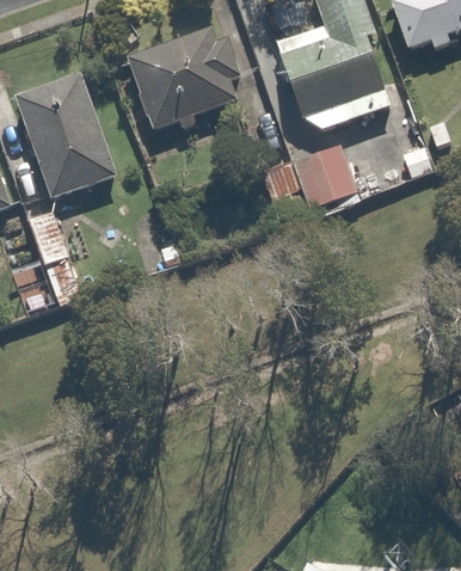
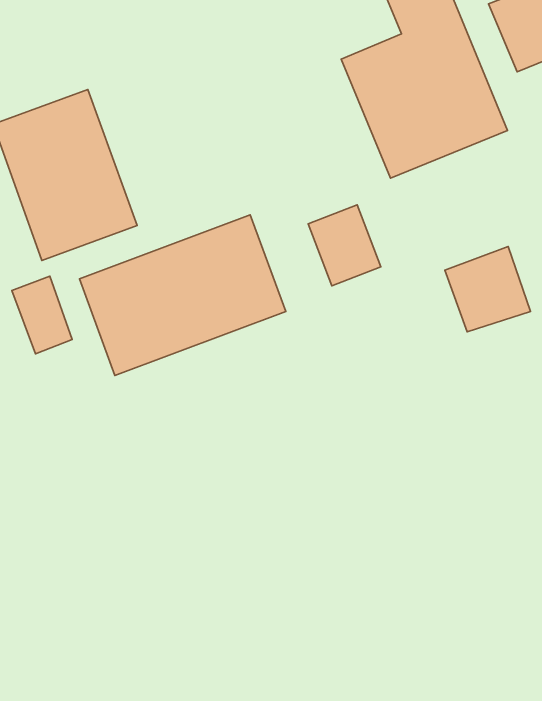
building: [119,26,246,134] -> none
building: [291,139,356,203] -> [445,246,530,332]
building: none -> [79,215,286,376]

